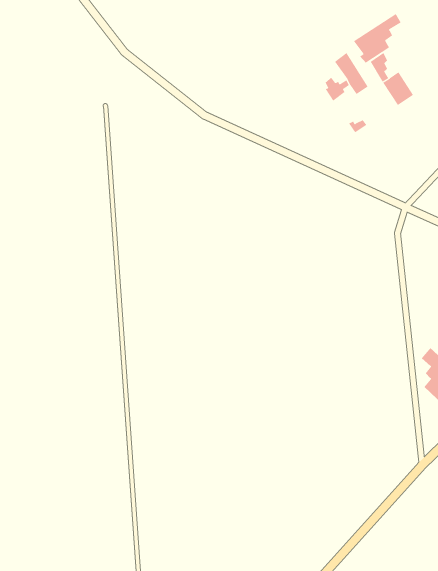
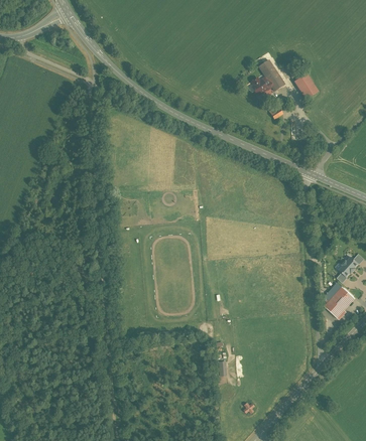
building: [353,13,402,63] -> none

